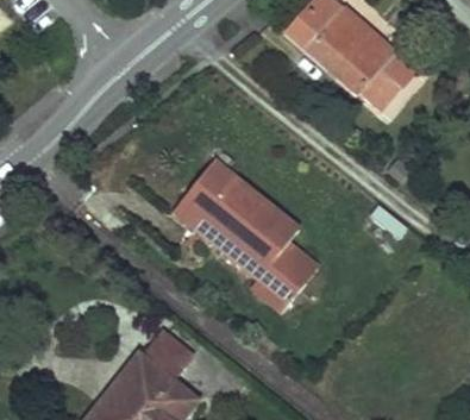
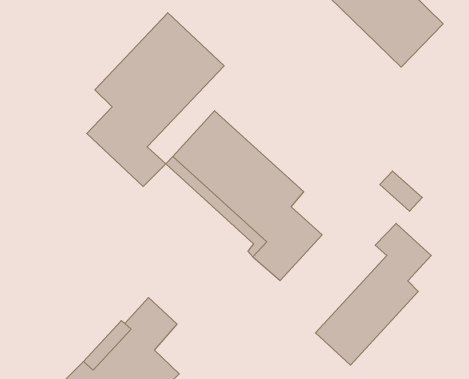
building: none -> [87,13,224,186]
building: none -> [315,223,431,365]

